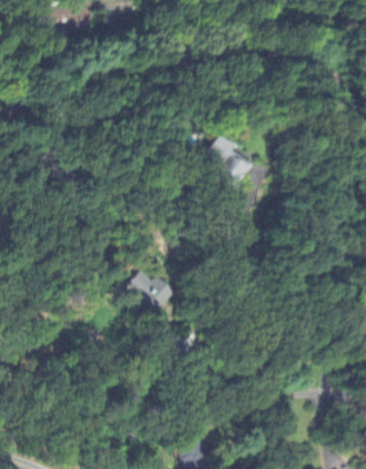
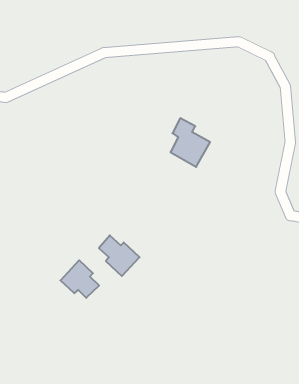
building: none -> [60,260,99,298]

